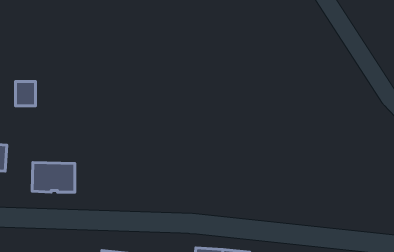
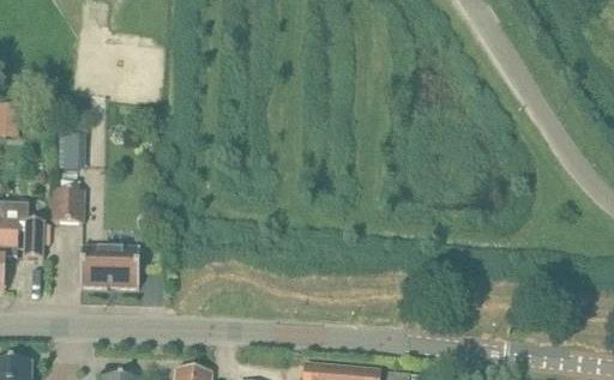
building: none -> [46,185,77,217]

